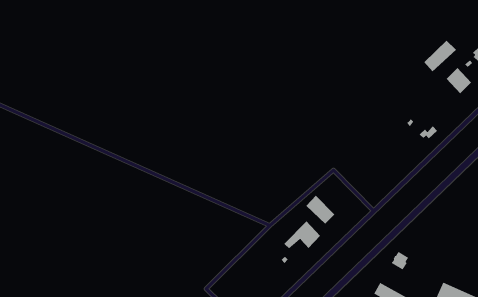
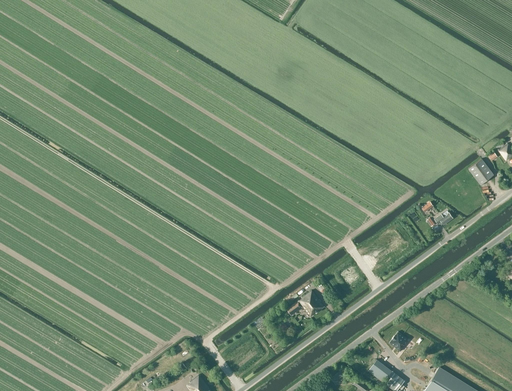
building: [423,40,457,72] -> none
building: [306,195,335,224] -> none

